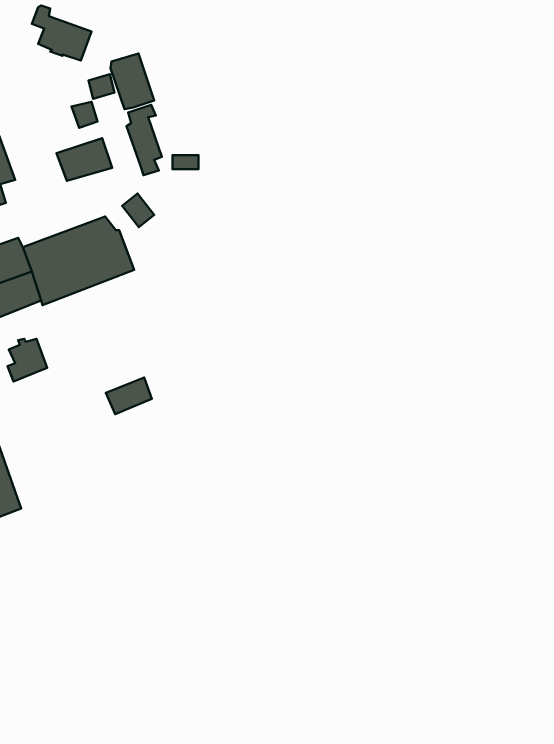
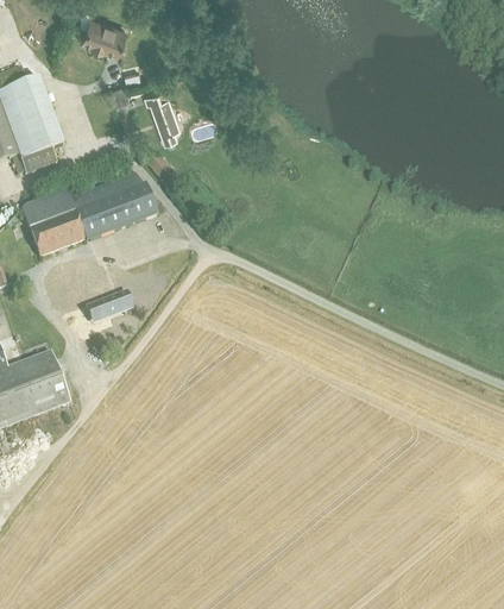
building: [111,53,154,109] -> none
building: [57,138,112,181] -> none
building: [106,378,152,414] -> [86,291,121,320]

